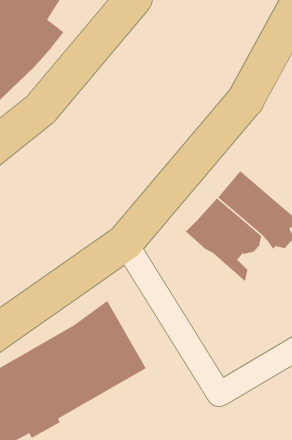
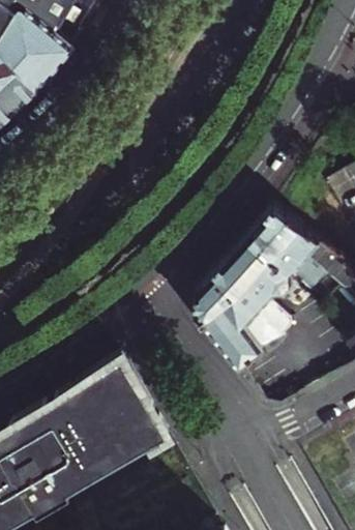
building: none -> [197,276,280,373]

